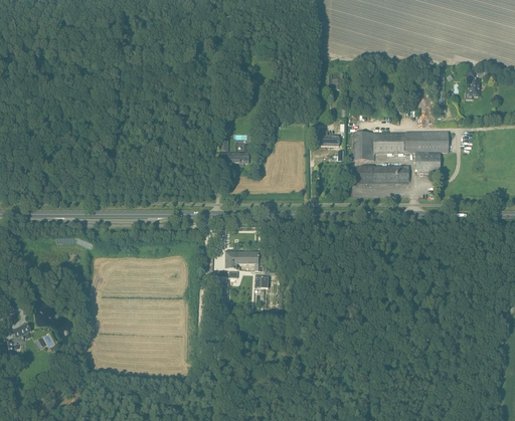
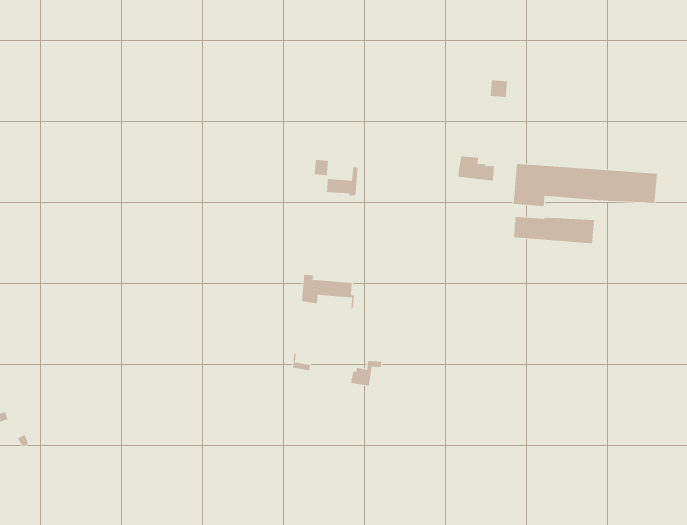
building: [415,152,440,175] -> none
building: [225,250,261,270] -> [301,274,355,309]

